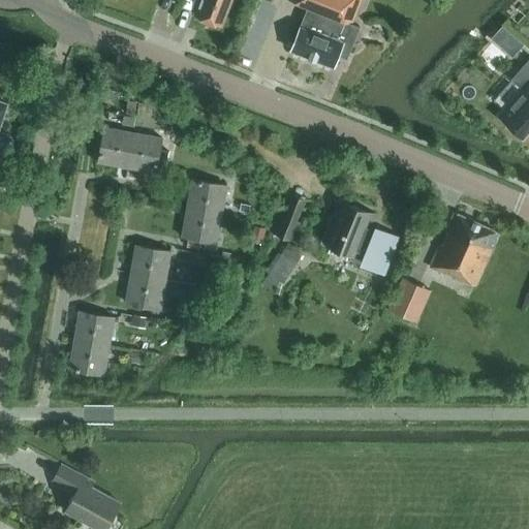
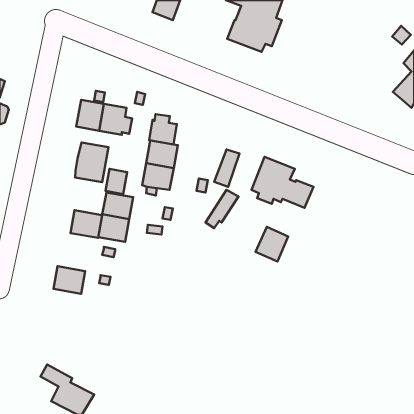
building: none -> [149,114,177,144]
building: none -> [75,142,108,182]
building: [429,214,498,286] -> none
building: none -> [106,169,127,194]
building: [388,279,430,323] -> [256,227,288,262]
building: [73,311,114,346] -> [70,210,102,238]

